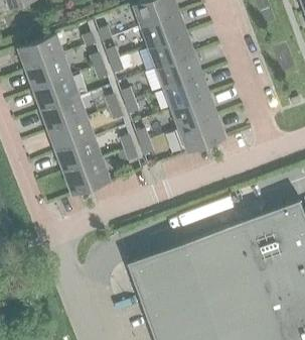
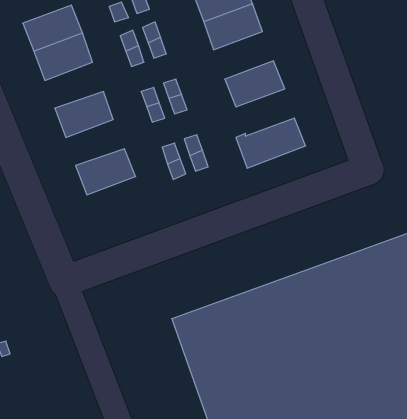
building: [158,55,201,90] -> none
building: [36,78,79,111] -> none
building: [174,97,216,131] -> none
building: [51,119,94,152] -> none
building: [66,160,109,194] -> none

